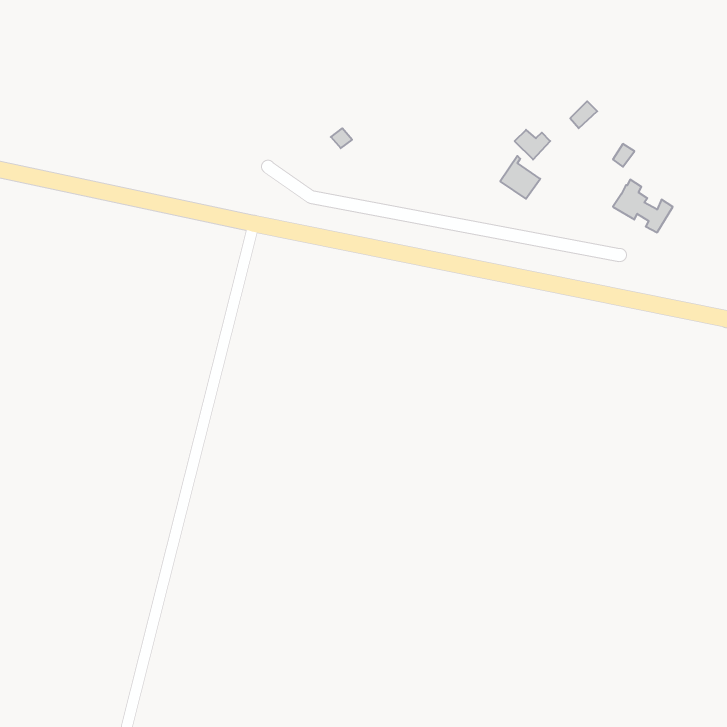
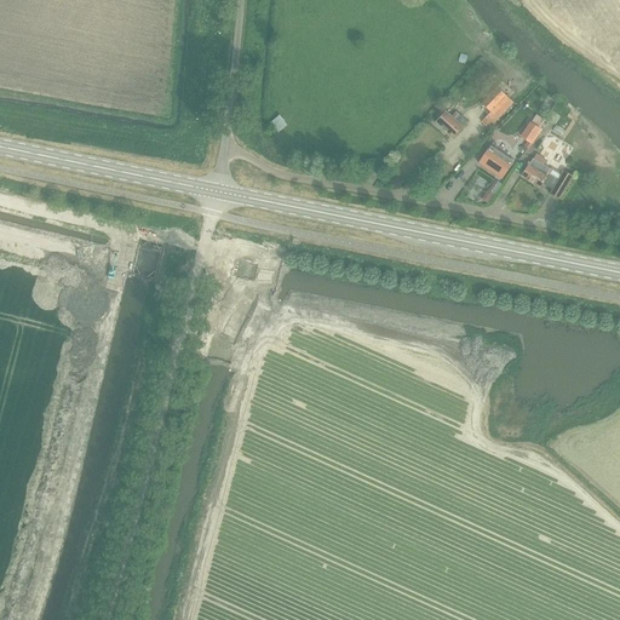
building: [500,156,540,199] -> [480,140,513,177]

